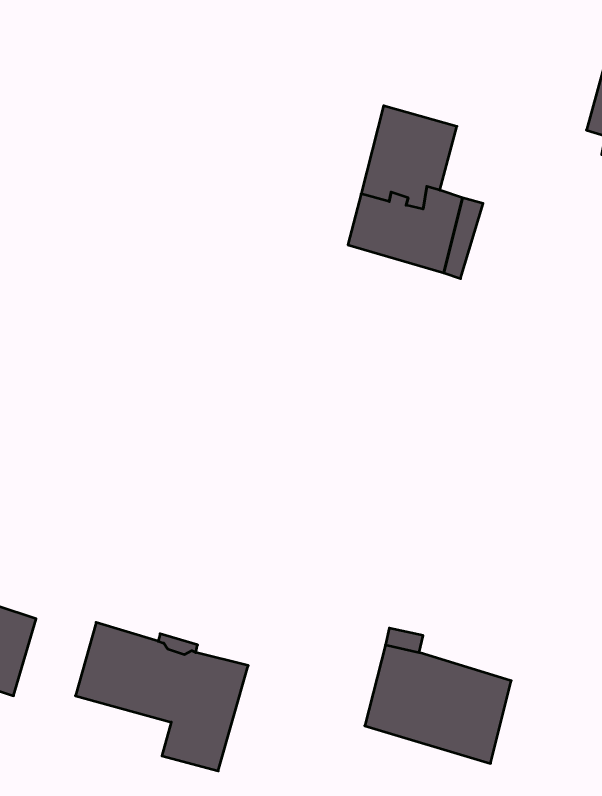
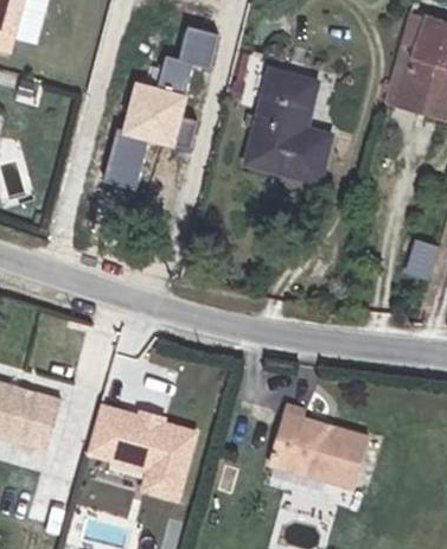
building: none -> [107,32,218,187]

